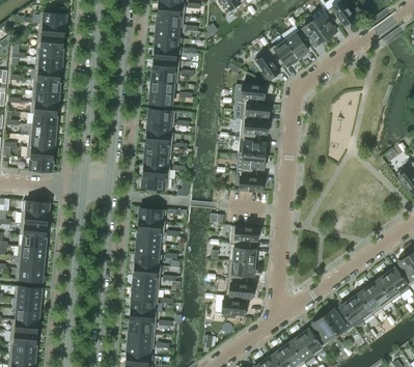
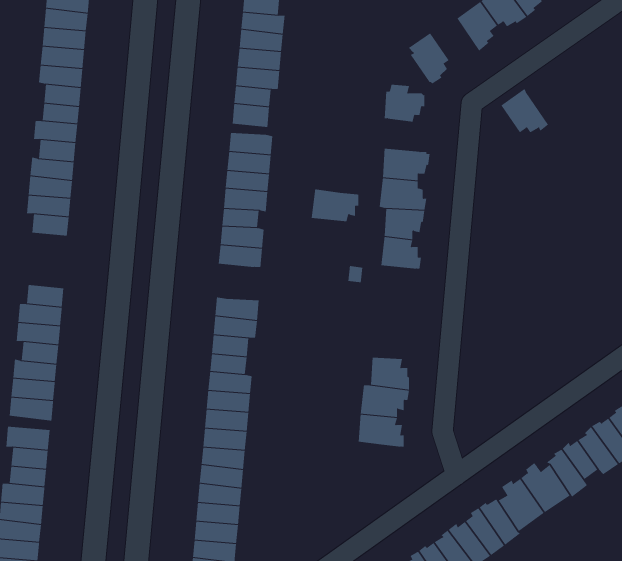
building: [269,38,298,65] -> [501,88,549,133]
building: [241,101,270,120] -> [311,189,359,222]
building: [229,225,259,245] -> none
building: [222,294,246,318] -> none

